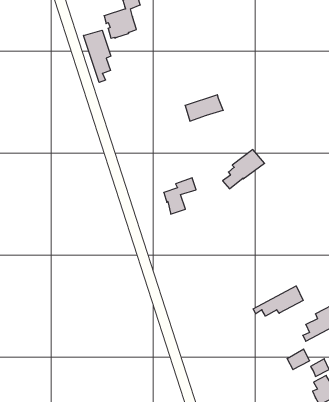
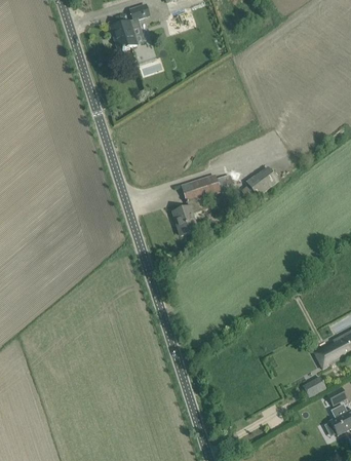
building: [84,30,111,82] -> none
building: [185,95,223,121] -> [181,174,221,201]
building: [253,286,303,316] -> none

